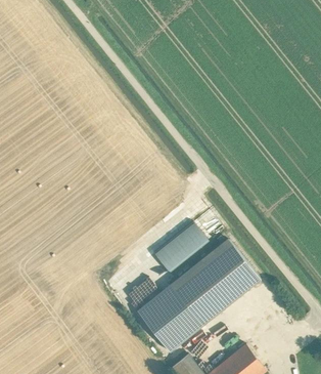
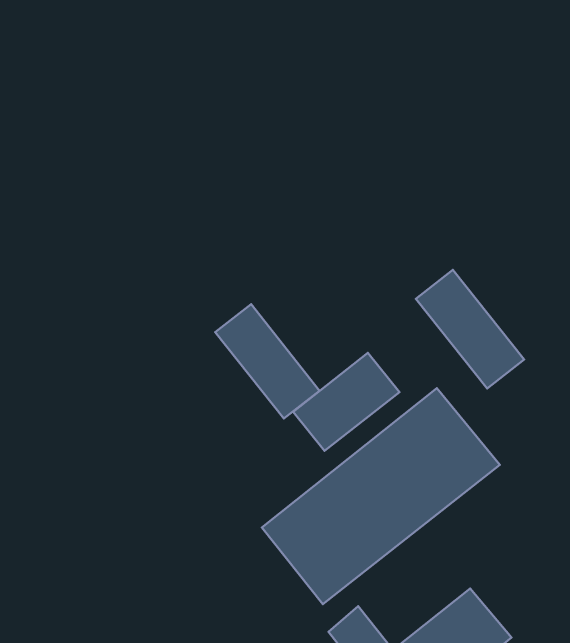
building: none -> [416,270,524,388]
building: none -> [215,304,320,419]

